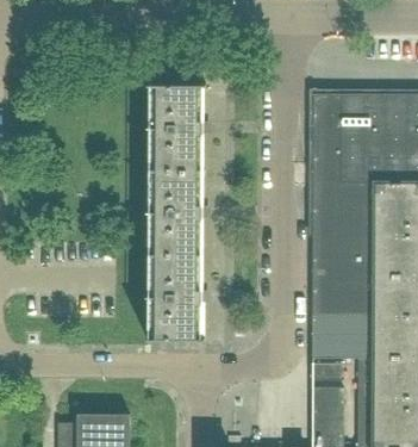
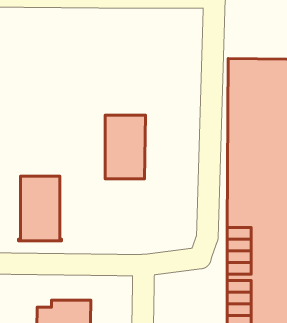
building: [146,81,205,167] -> none
building: [146,252,204,337] -> [19,176,62,241]

